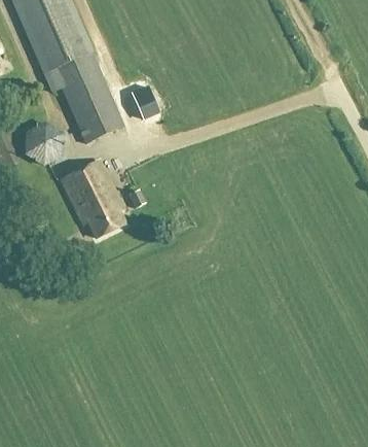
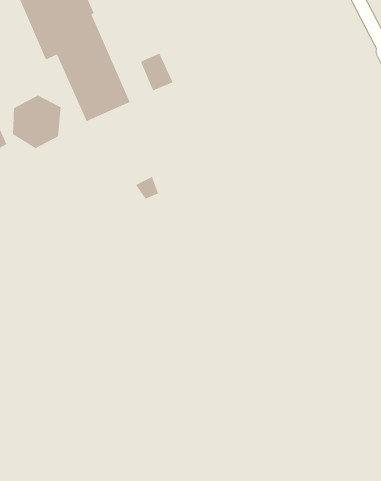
building: [62,159,124,236] -> none

